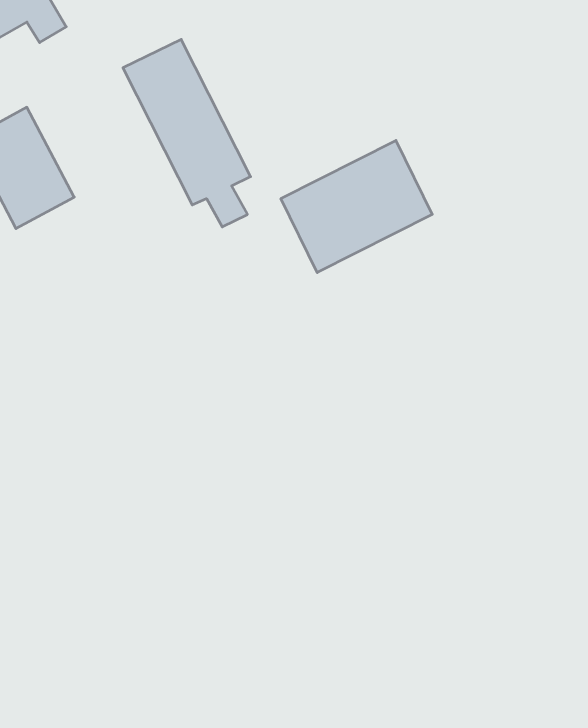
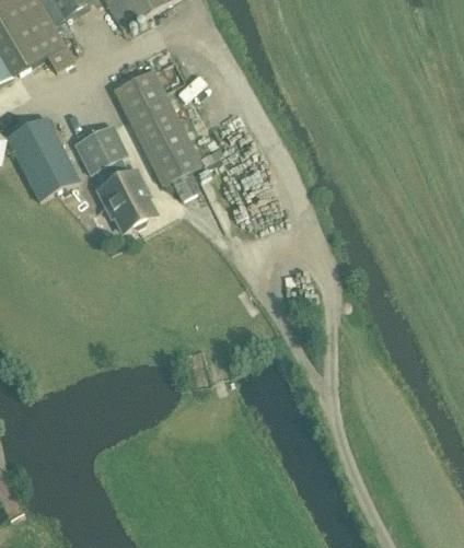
building: none -> [74,124,154,230]
building: [281,140,432,273] -> none

